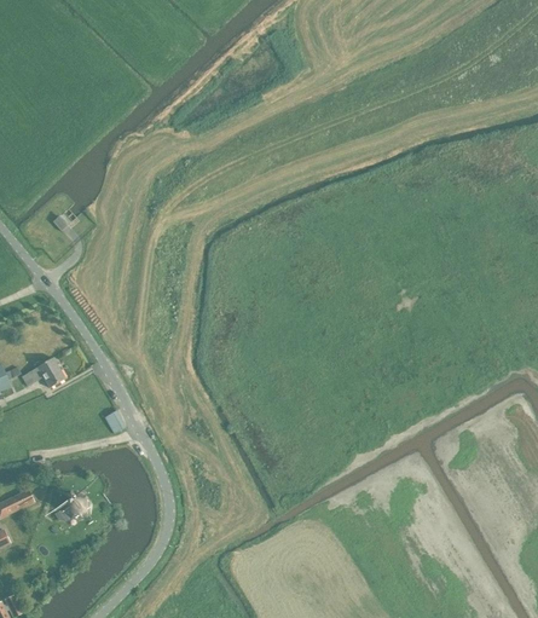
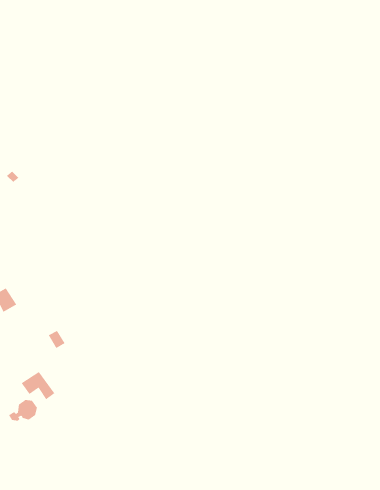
building: none -> [21,371,55,400]

